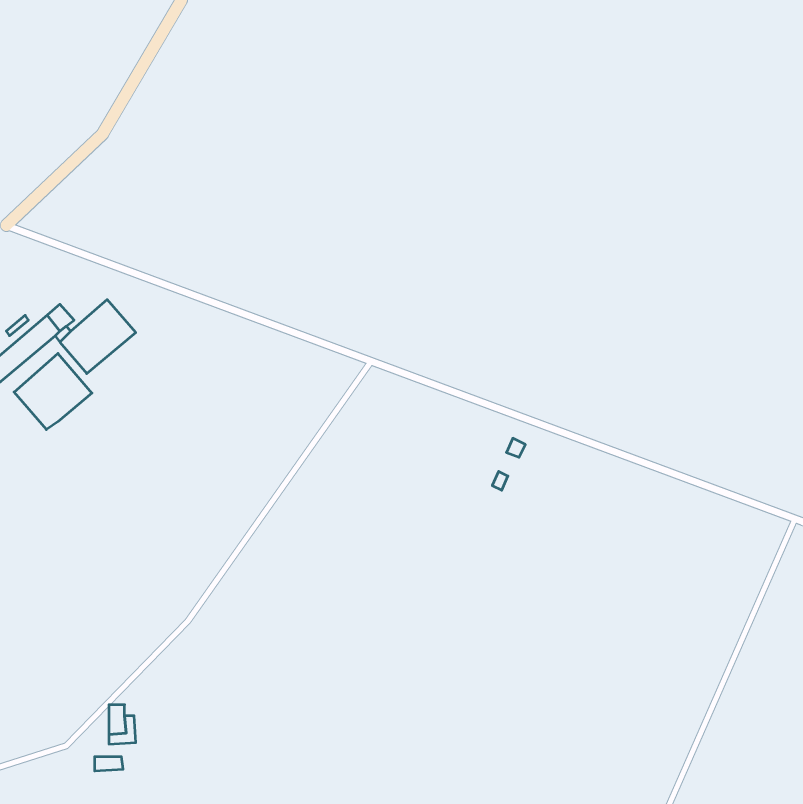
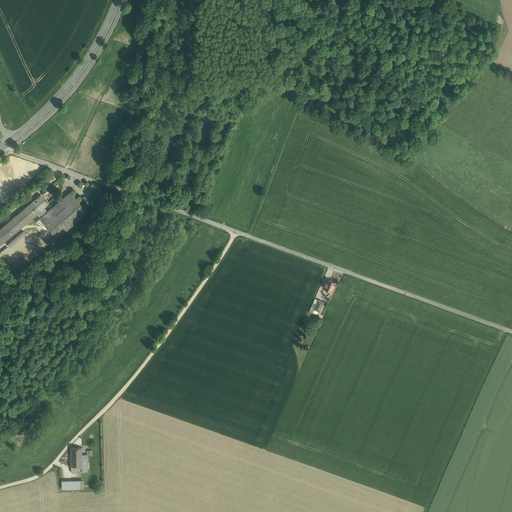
building: [14,353,92,430] -> none

